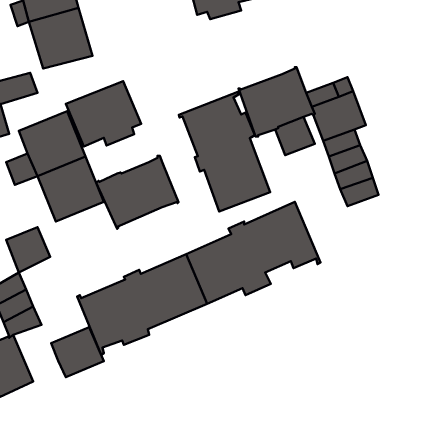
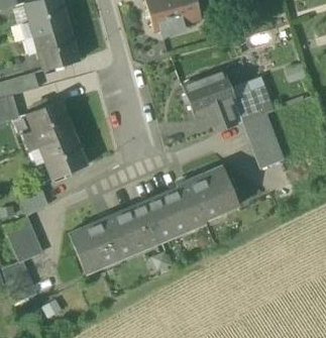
building: [66,81,141,146] -> none
building: [179,92,270,211] -> none
building: [96,156,179,229] -> none
building: [51,327,104,377] -> none

